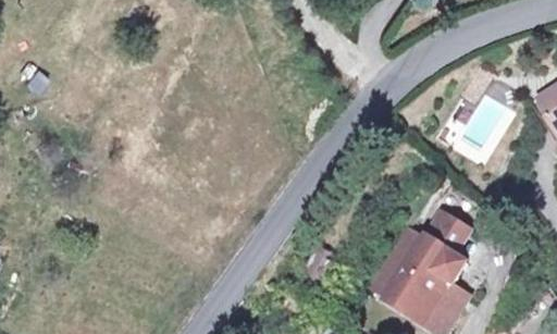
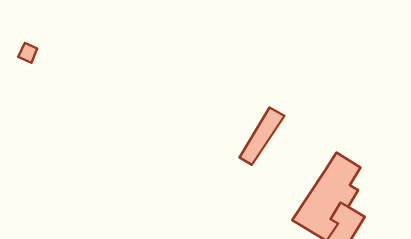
building: [370,225,429,300] -> [239,108,284,165]

